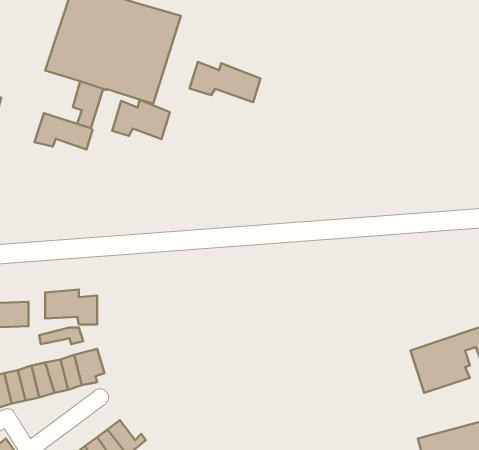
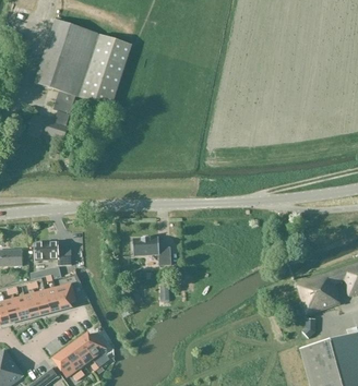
building: [189,62,260,102] -> none
building: [112,100,170,139] -> none
building: none -> [132,237,170,265]

